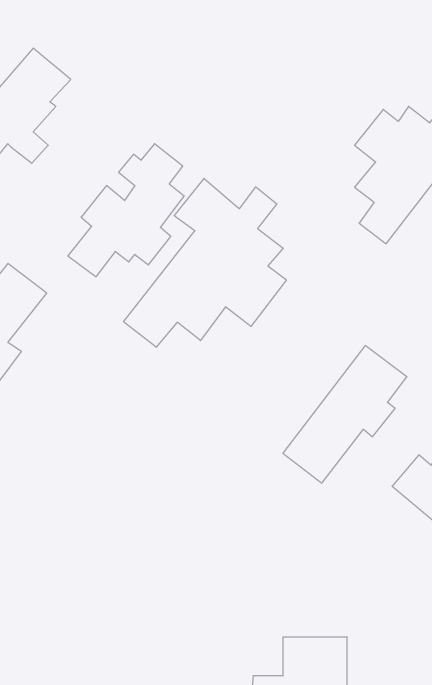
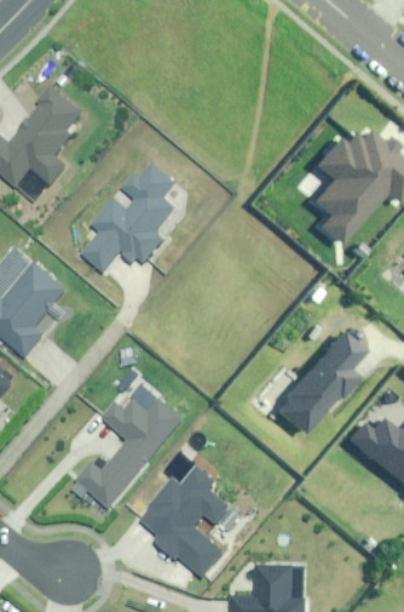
building: [124,178,286,347] -> none
building: none -> [79,399,185,507]
building: none -> [139,467,231,576]

